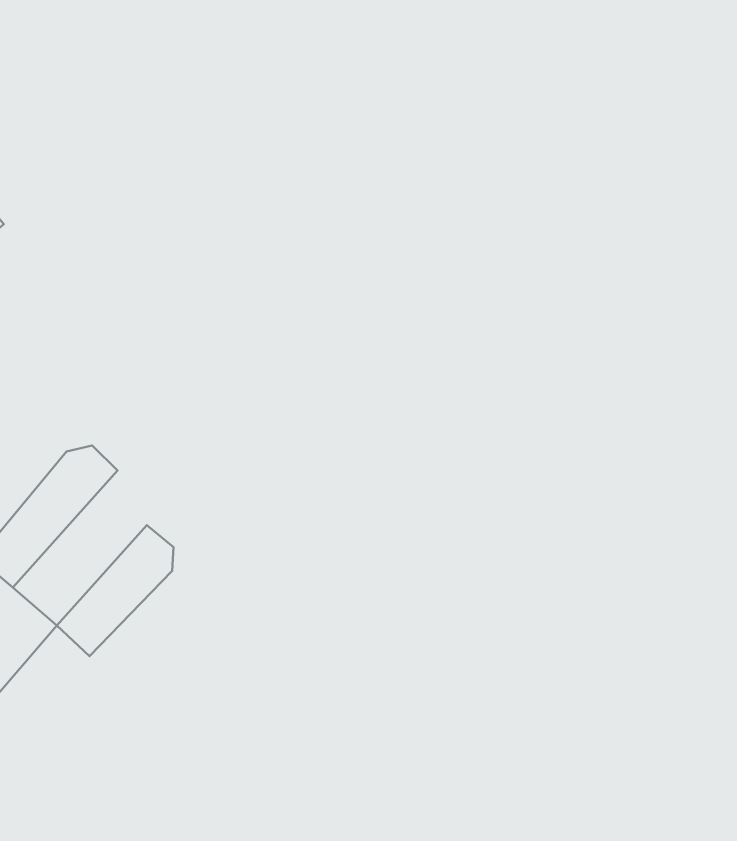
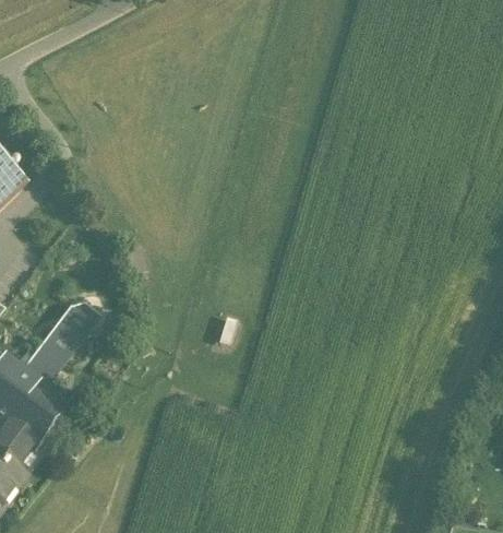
building: [57,525,174,656] -> none

